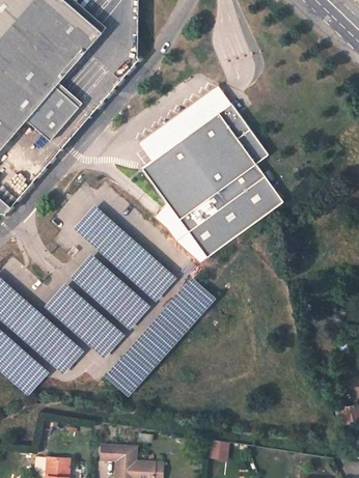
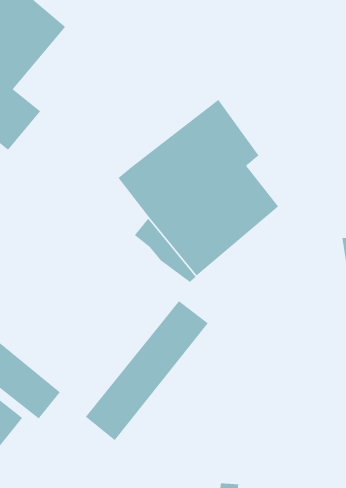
building: [142,86,233,158] -> none
building: [70,204,174,302] -> none
building: [65,252,148,330] -> none
building: [40,282,123,359] -> none

